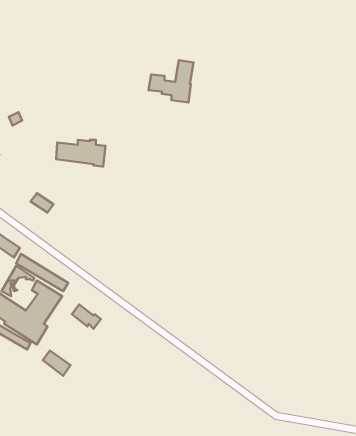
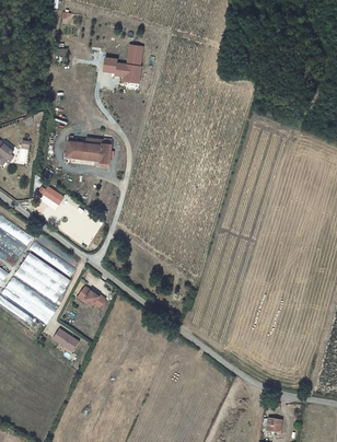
building: [149,60,193,102] -> [102,45,142,83]

